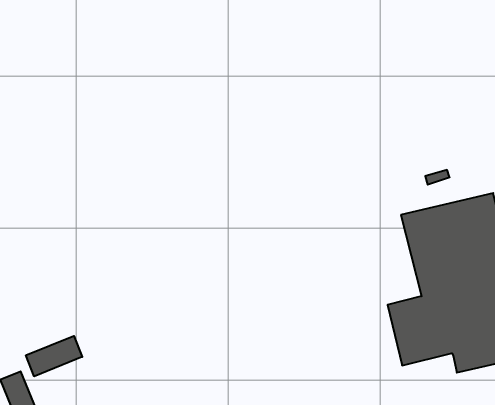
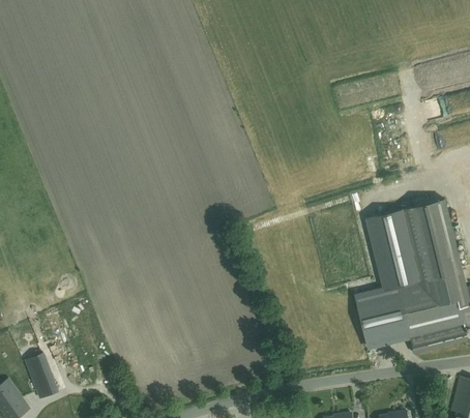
building: [26,336,82,376] -> none

